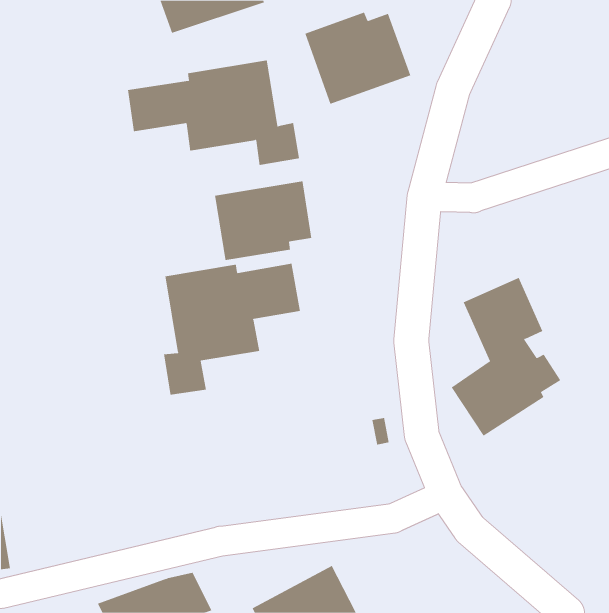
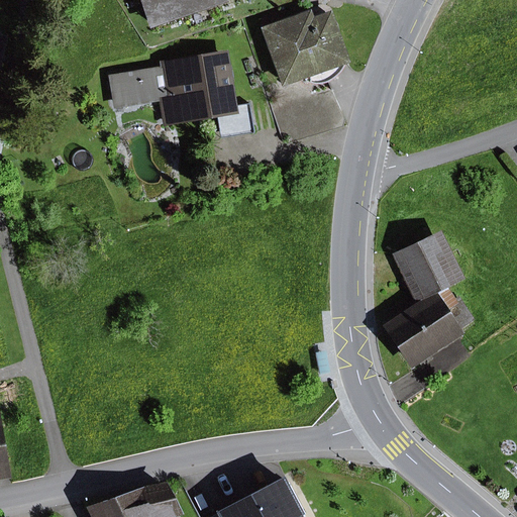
building: [214,181,312,261] -> none
building: [163,263,300,396] -> none

